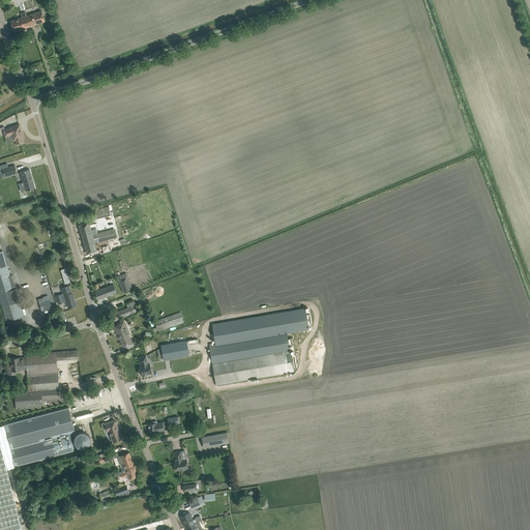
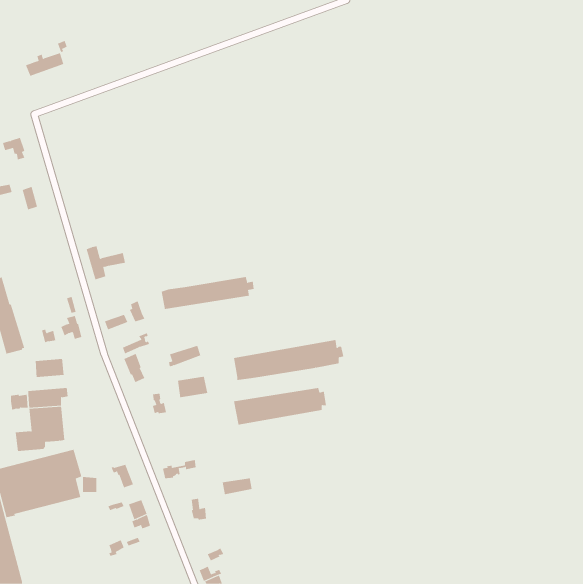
building: [9,10,45,32] -> [25,53,64,77]
building: none -> [35,358,64,378]
building: [208,333,293,363] -> [161,276,255,310]

